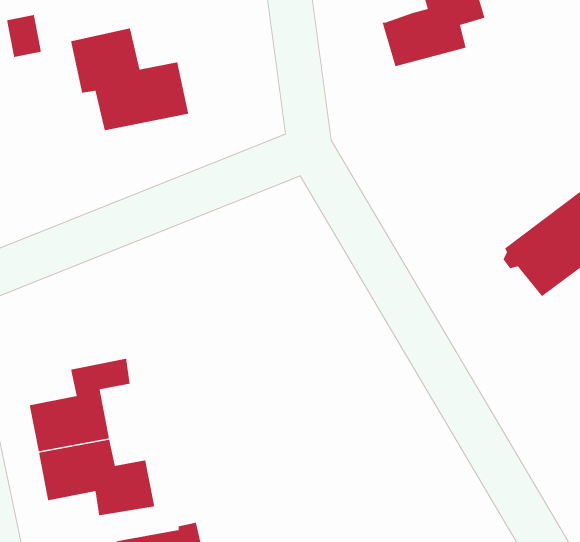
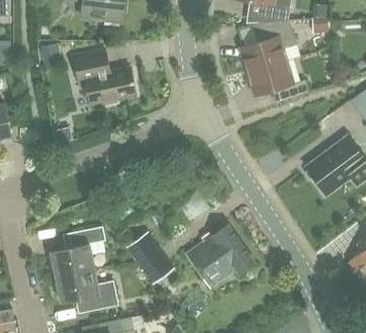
building: none -> [247,60,309,99]
building: none -> [185,223,255,287]
building: none -> [128,233,173,284]

